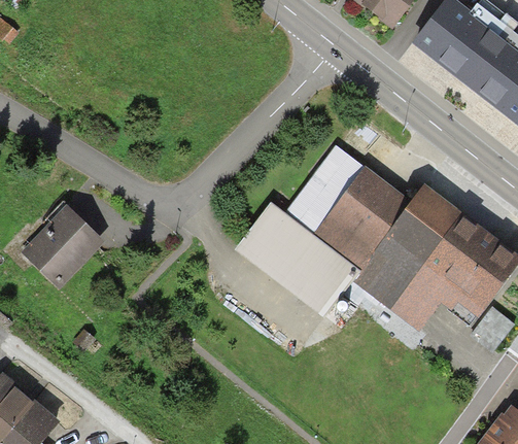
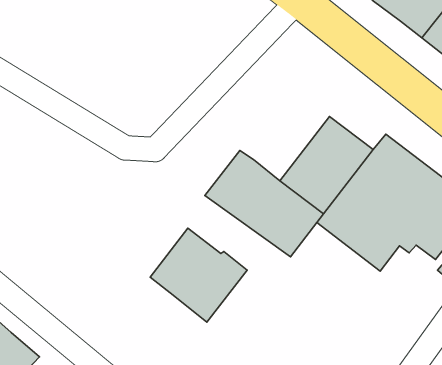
building: [285,143,366,234] -> none
building: [23,203,111,293] -> none
building: none -> [150,228,247,322]

